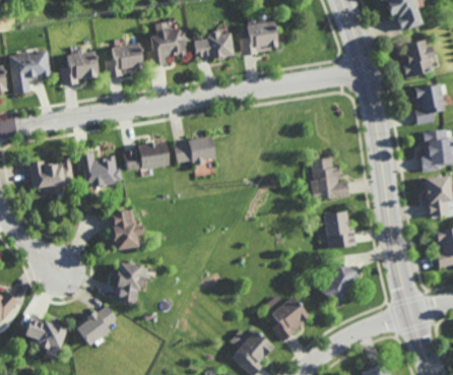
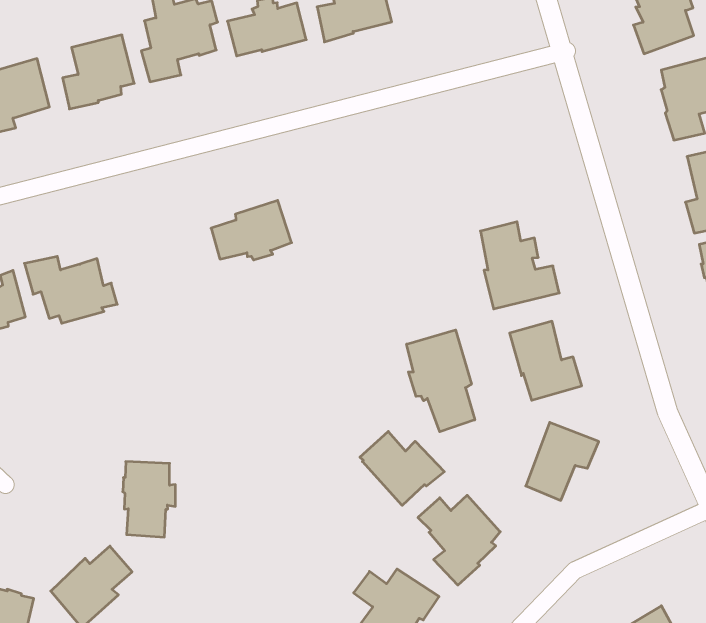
building: [125,141,169,171] -> none
building: [113,209,144,250] -> none
building: none -> [407,330,475,432]
building: none -> [360,431,444,505]

